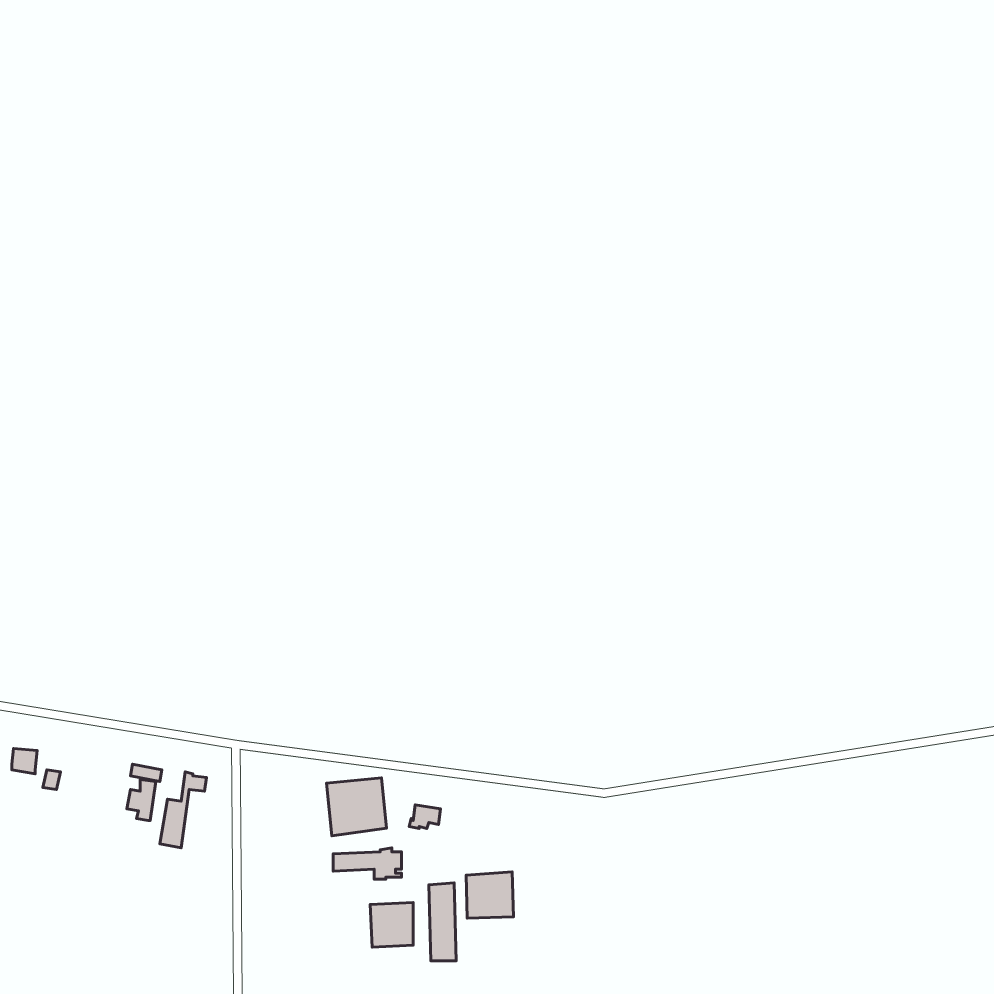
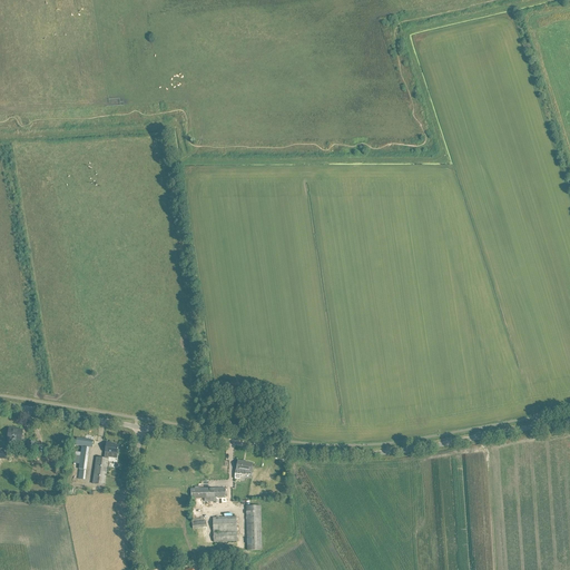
building: [327,778,386,836] -> none
building: [466,872,513,918] -> none

